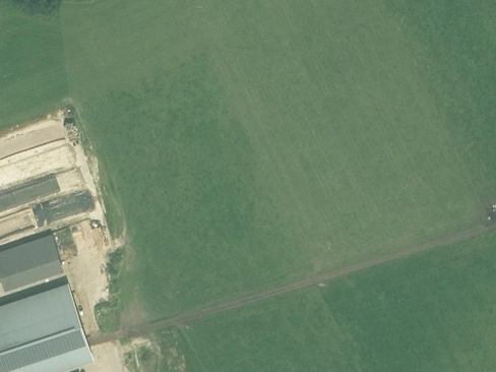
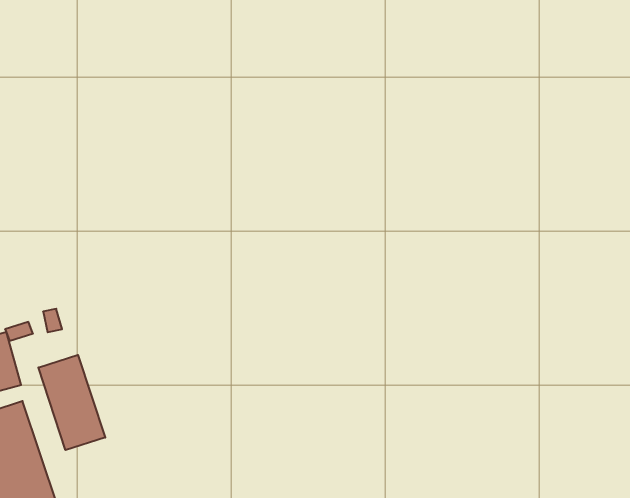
building: none -> [38,355,105,450]

